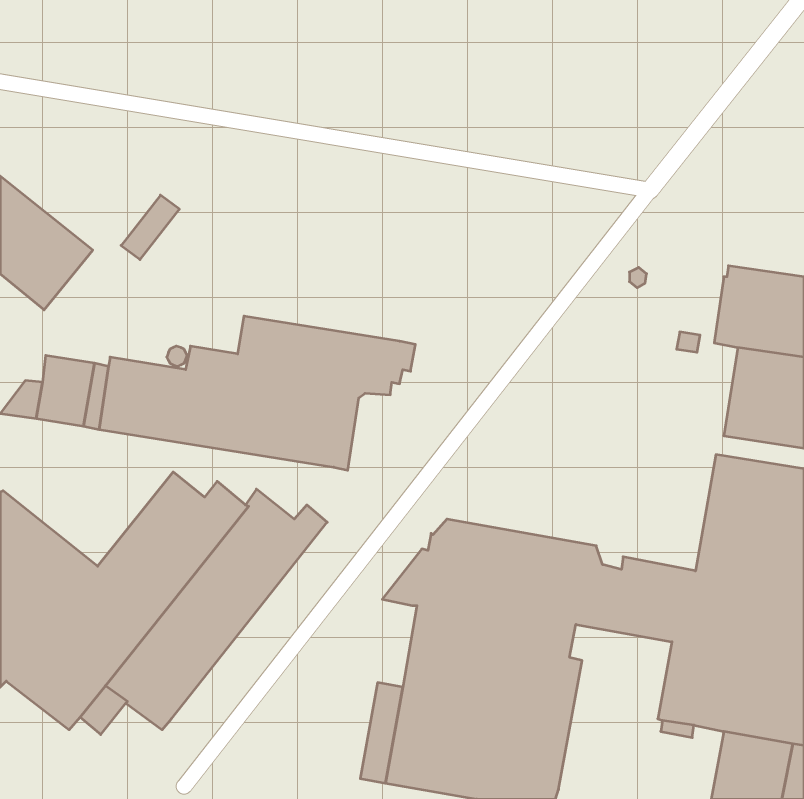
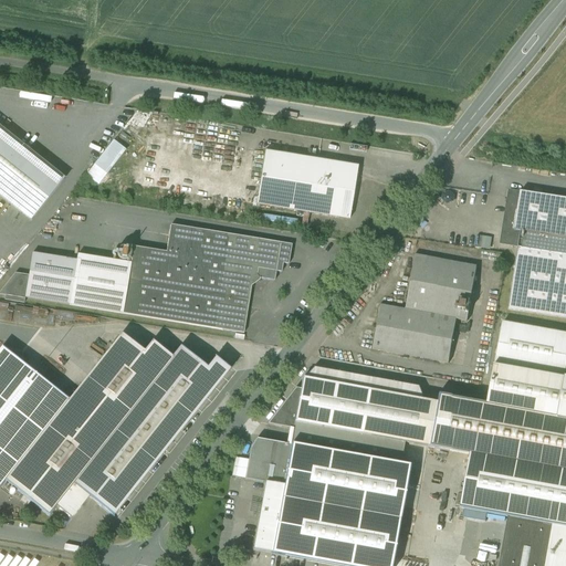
building: none -> [256,148,358,217]
building: none -> [371,252,478,360]
building: none -> [245,426,293,483]

